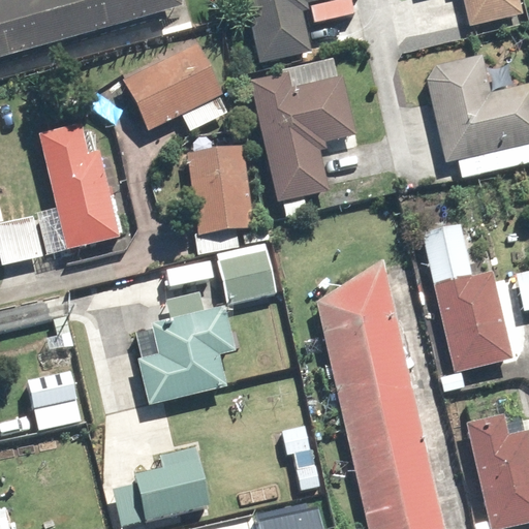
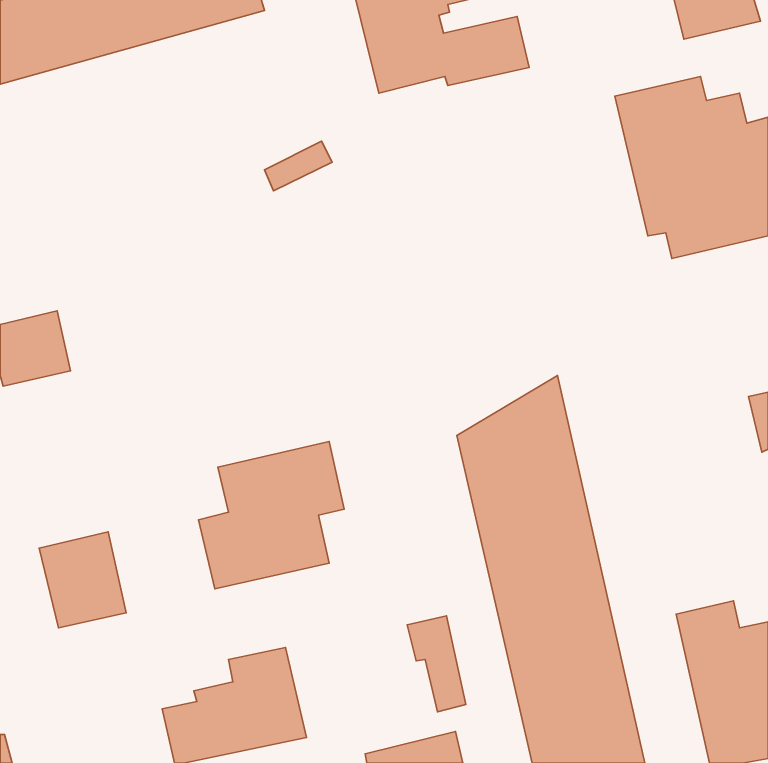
building: [122,42,223,130] -> none
building: [249,62,356,203] -> none
building: [38,117,121,251] -> none
building: [185,144,256,236] -> none
building: [422,224,515,372] -> none
building: [215,242,277,304] -> none

